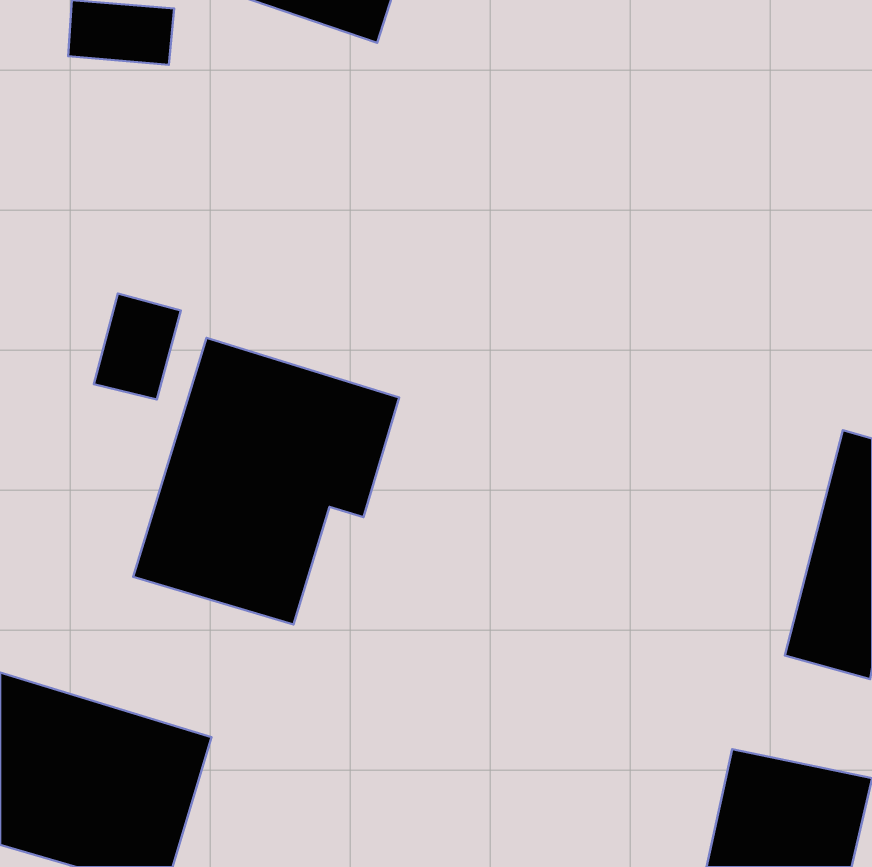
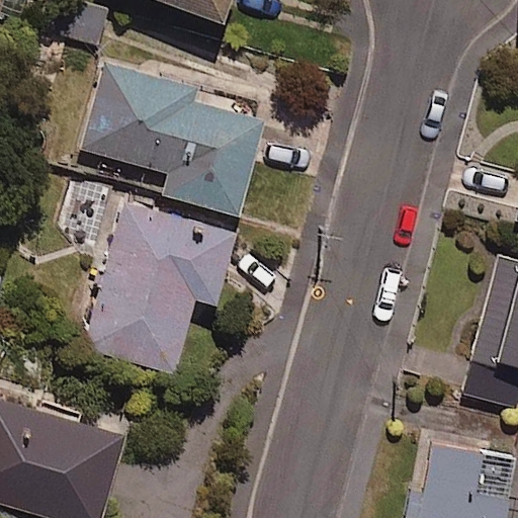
building: none -> [77,61,267,217]

